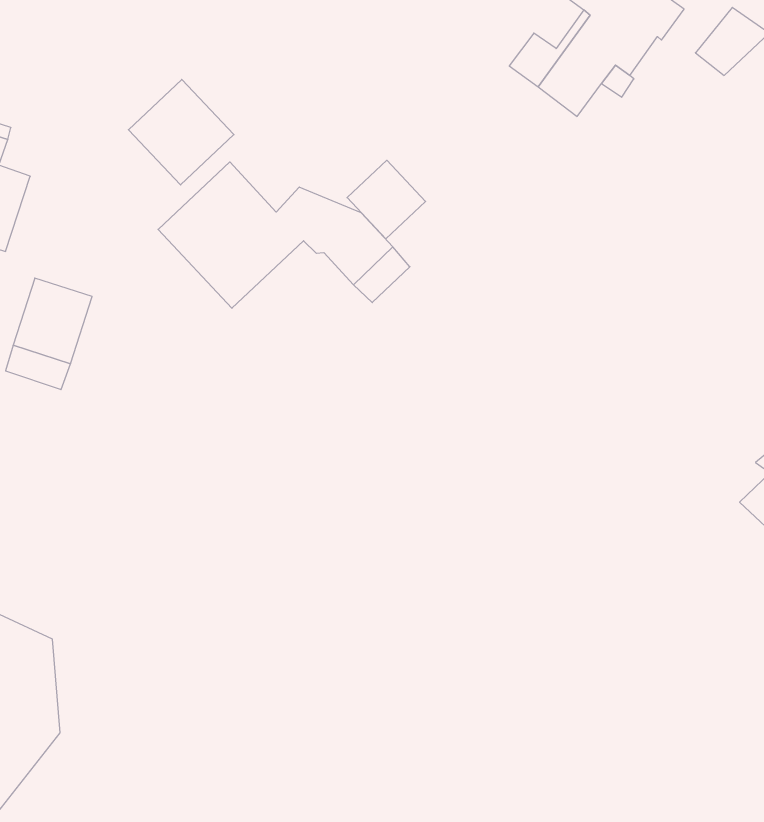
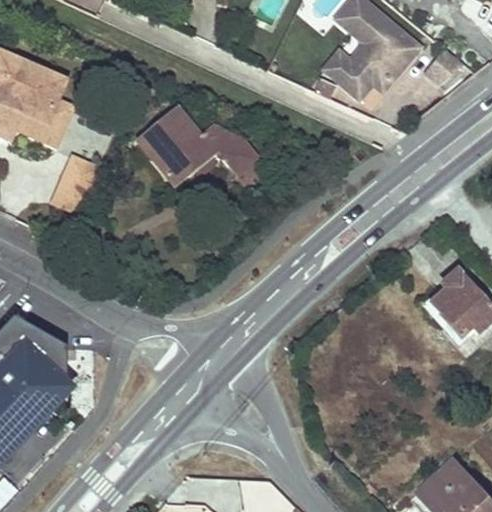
building: [128,79,234,185] -> none
building: [347,160,426,239] -> none

